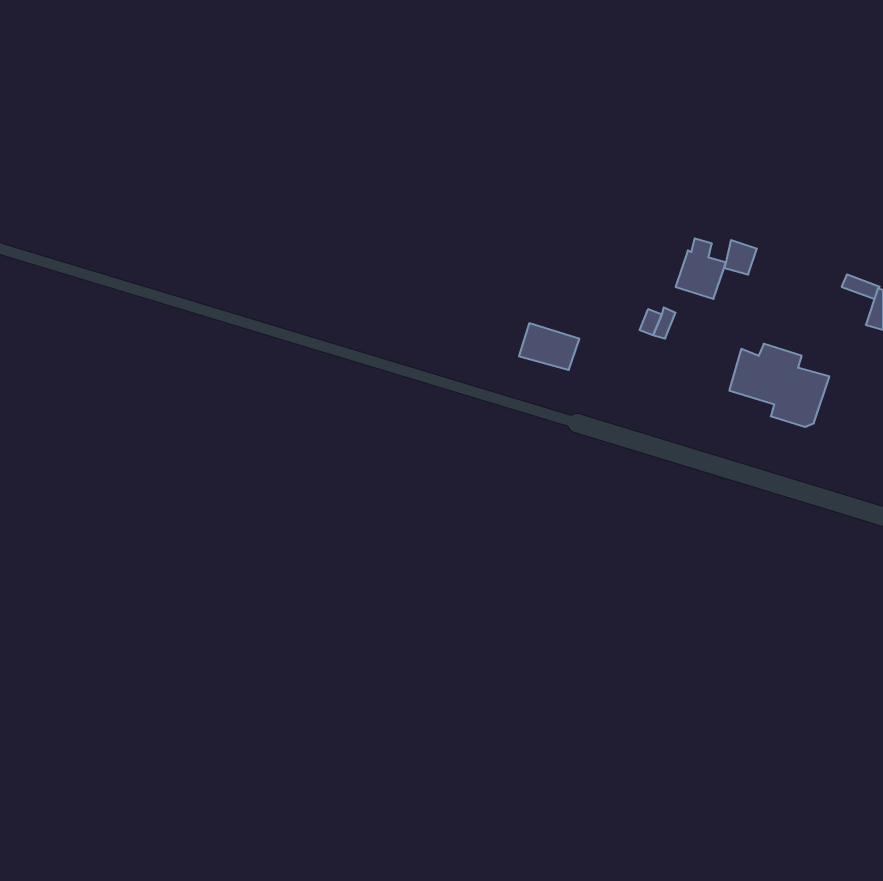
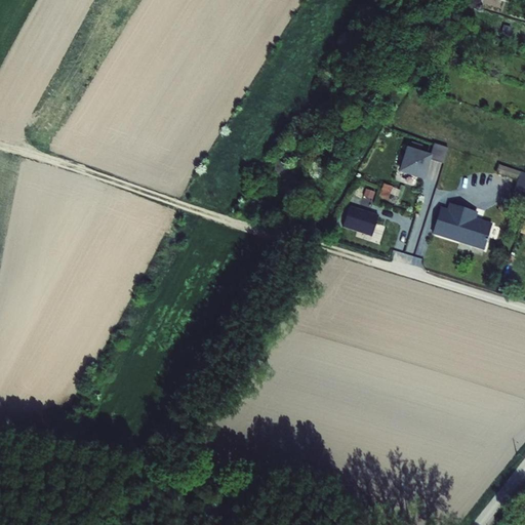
building: [519,323,579,370] -> [342,207,378,235]

